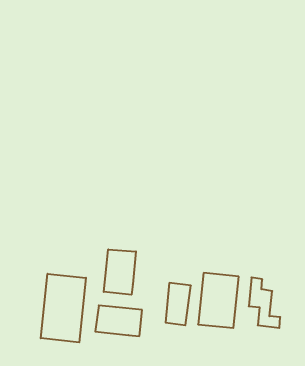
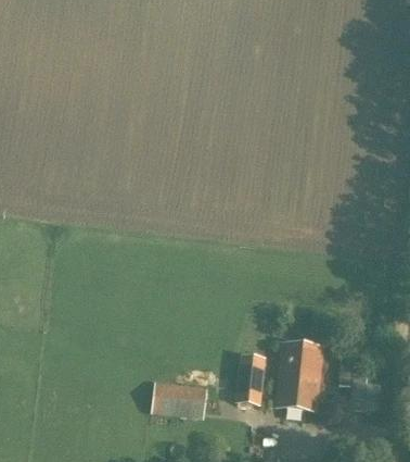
building: [104,249,136,295] -> none
building: [41,274,86,342] -> none

